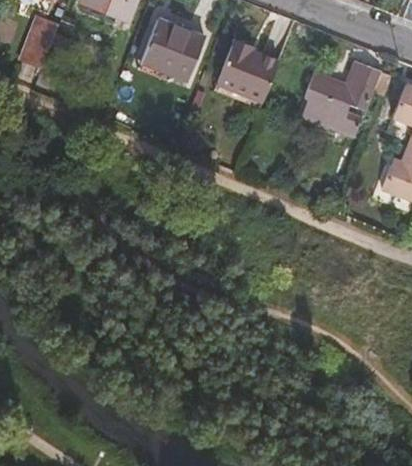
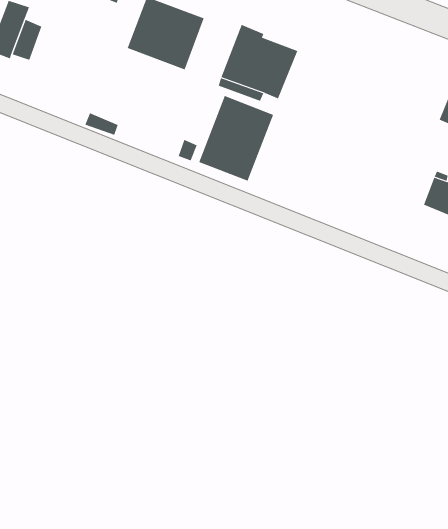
building: [302,61,393,137] -> none
building: none -> [199,95,274,182]

